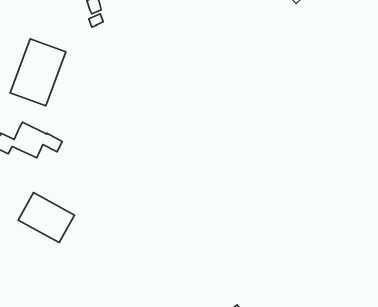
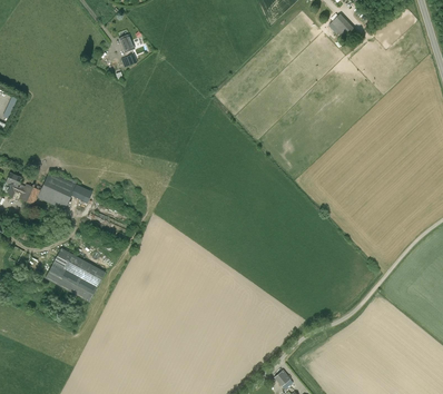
building: [10,39,66,106] -> none

